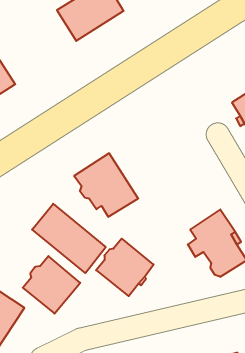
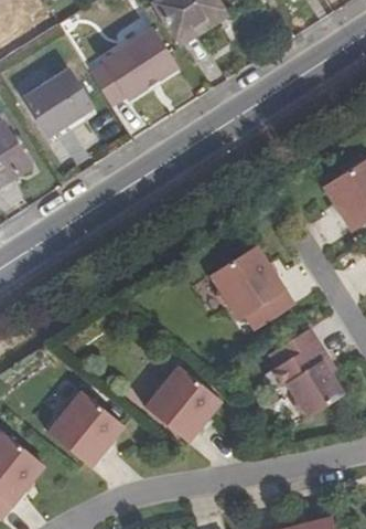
building: none -> [30,67,98,134]
building: [74,153,138,217] -> [207,247,292,331]
building: [32,204,106,273] -> none

